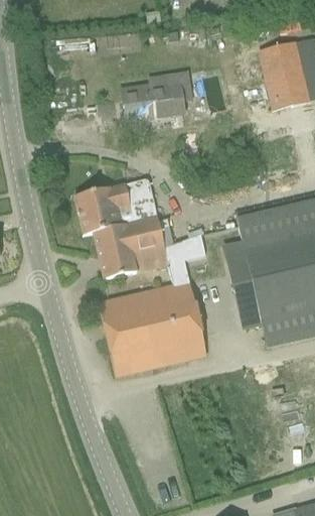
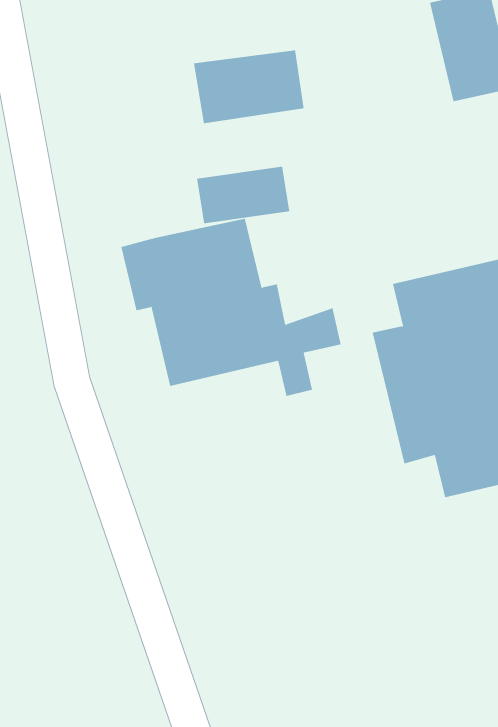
building: none -> [197,166,290,224]
building: [100,281,207,375] -> none

